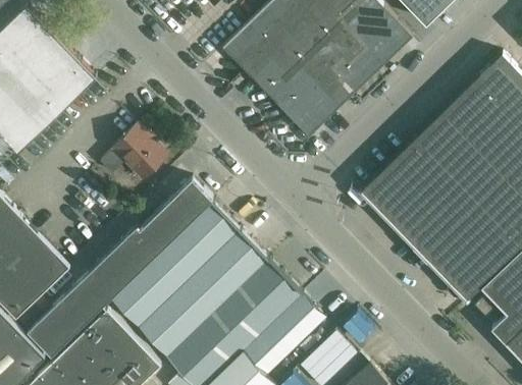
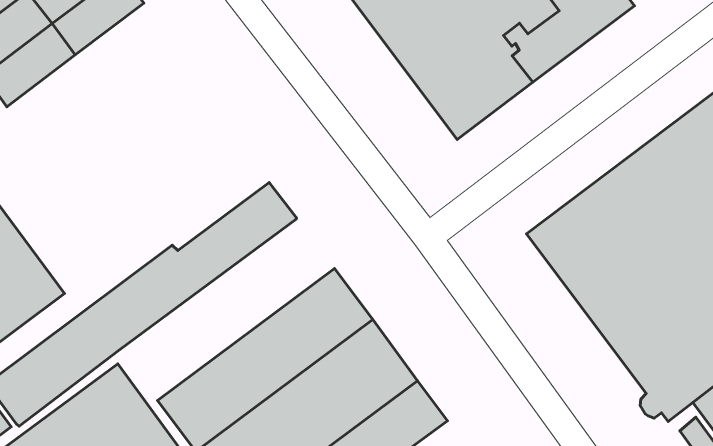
building: [99,124,168,179] -> none
building: [109,201,241,328] -> none

